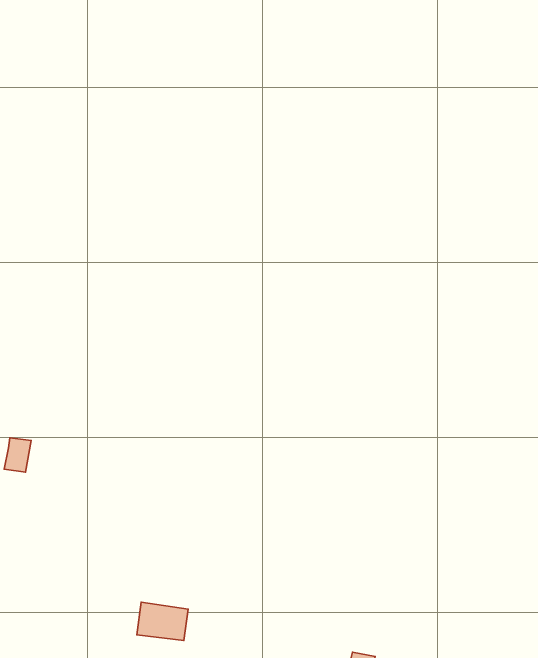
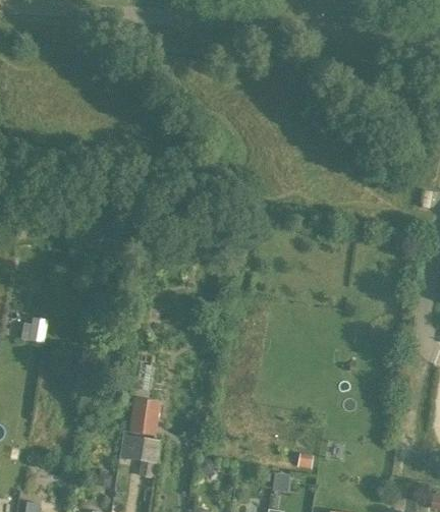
building: none -> [129,399,159,438]

